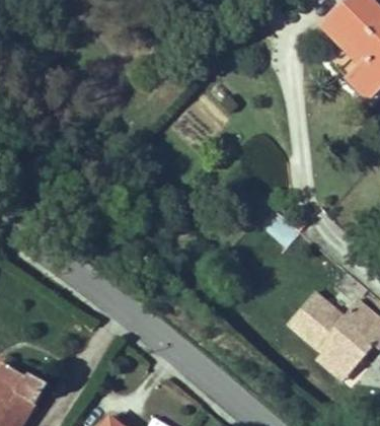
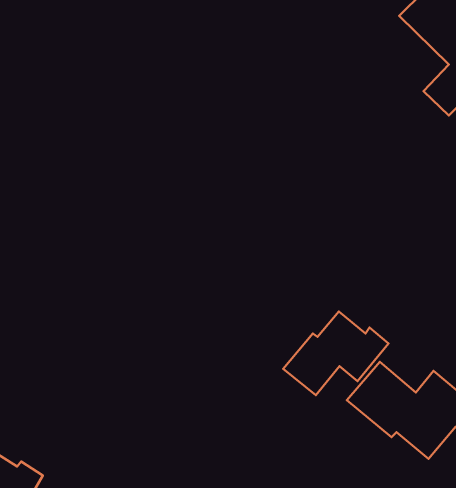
building: none -> [283,311,389,395]

